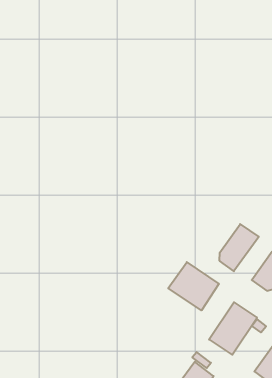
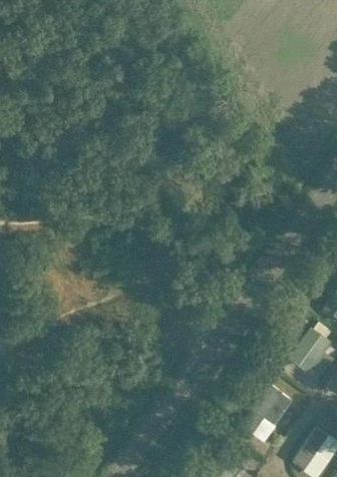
building: [220,224,259,271] -> none
building: [168,262,219,310] -> none

